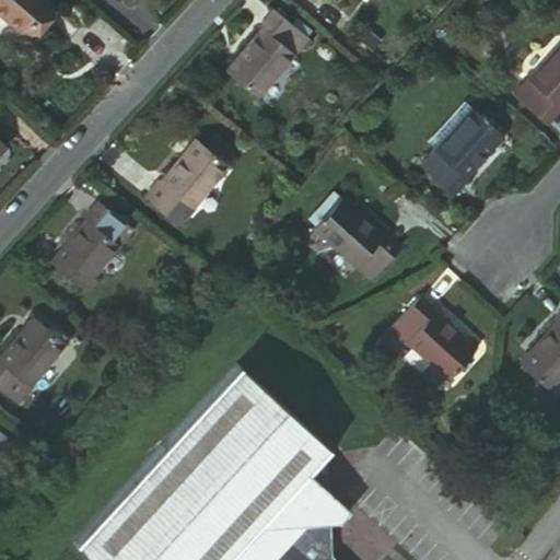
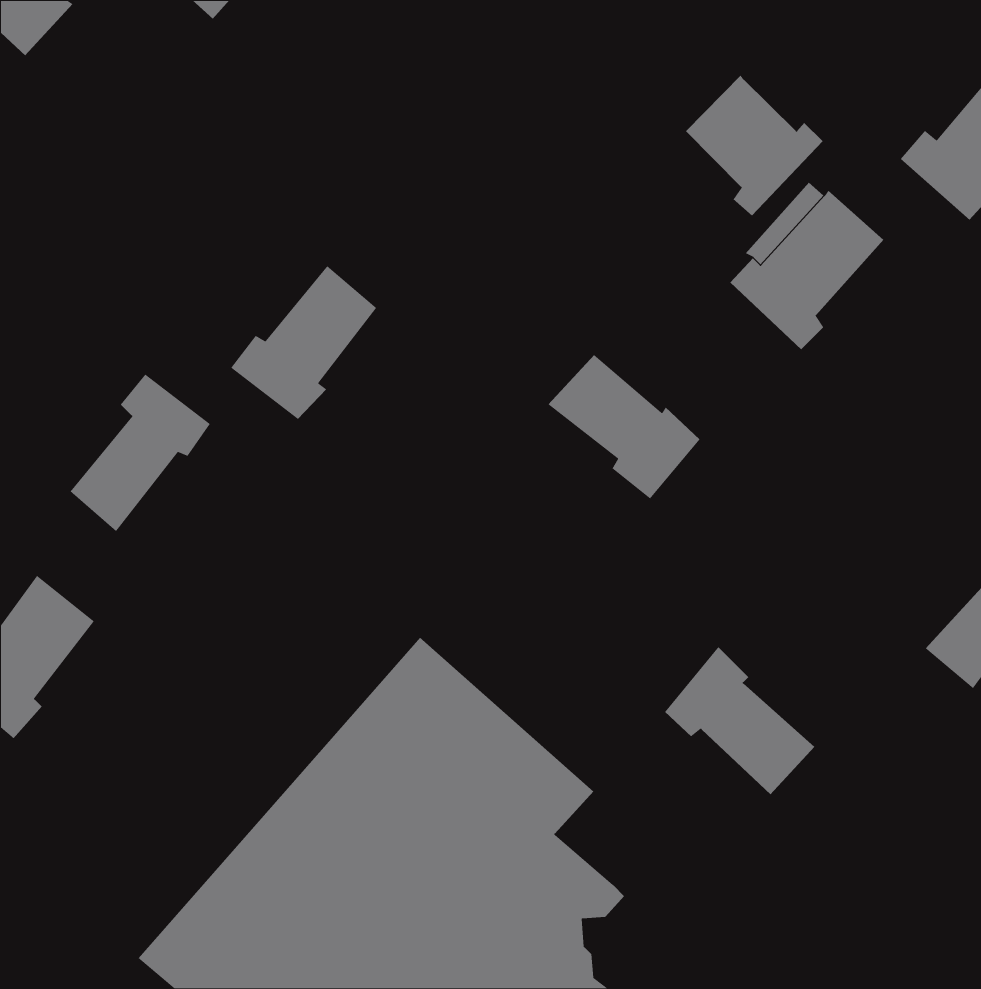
building: [223,23,306,112] -> none
building: none -> [685,74,823,217]
building: [384,294,469,378] -> [664,646,815,795]

